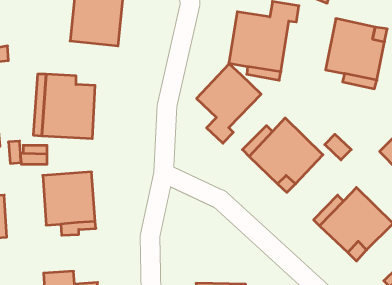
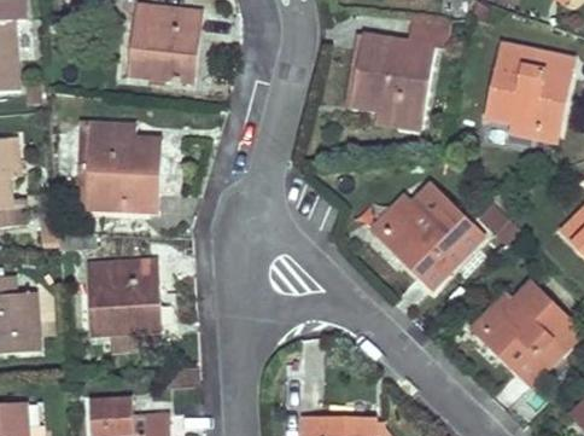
building: [197,64,261,143] -> none

